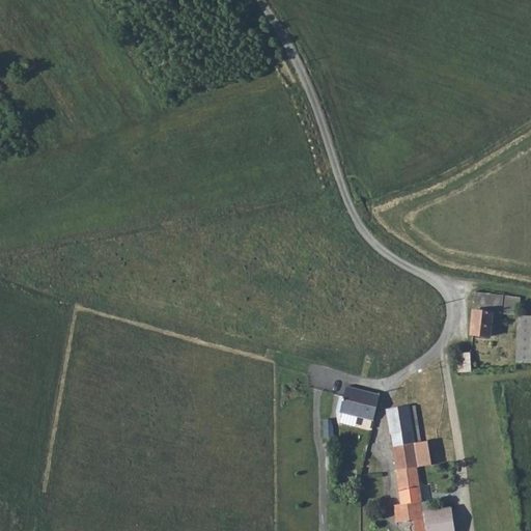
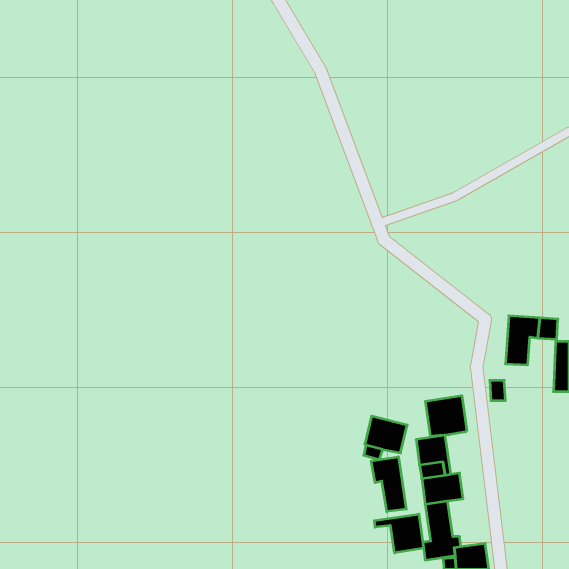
building: none -> [425,396,467,436]
building: none -> [371,457,406,512]
building: none -> [374,514,424,553]

